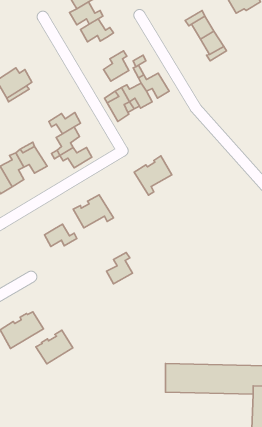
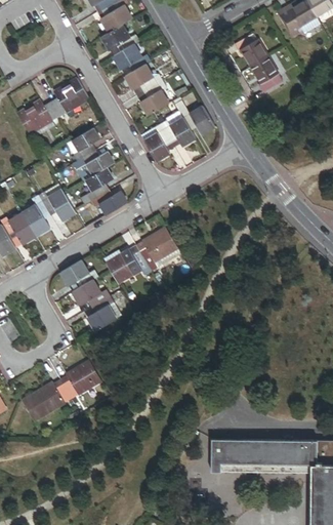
building: none -> [125,64,163,89]
building: none -> [50,78,89,116]
building: none -> [73,127,100,161]
building: [134,156,172,195] -> [135,227,178,272]
building: none -> [60,259,99,285]
building: [106,253,132,284] -> [87,295,117,331]
building: [36,330,73,364] -> [59,360,101,399]

